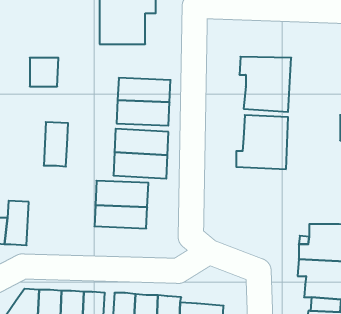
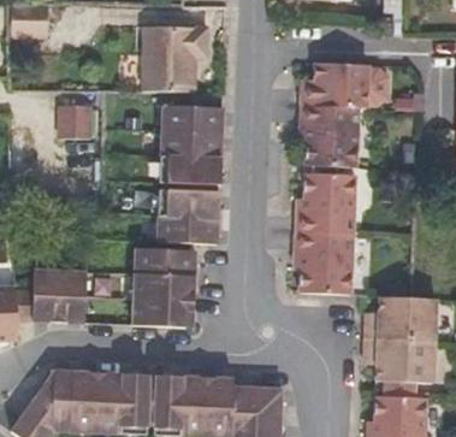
building: none -> [301,63,367,108]
building: none -> [162,102,223,132]
building: [44,122,68,167] -> [58,271,85,321]
building: none -> [295,231,353,295]
building: none -> [134,299,194,326]

